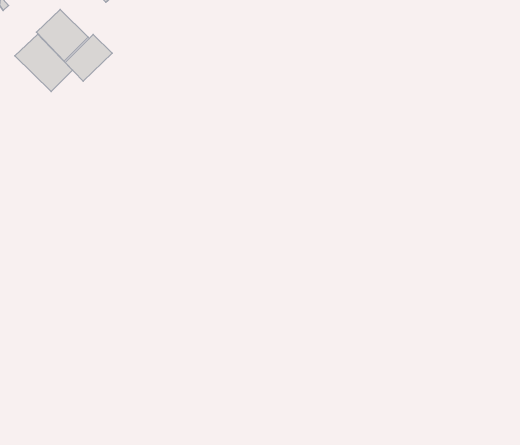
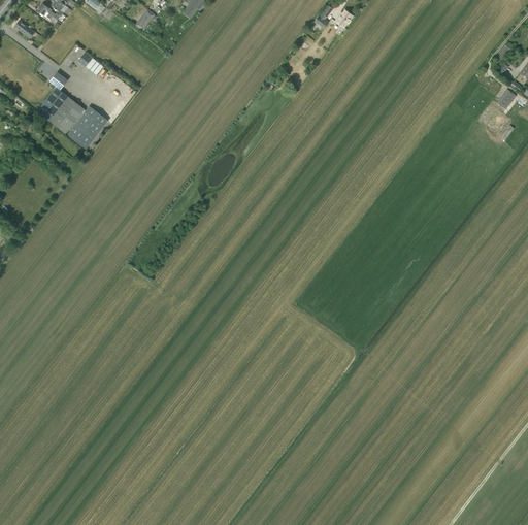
building: [15,34,73,92] -> none

